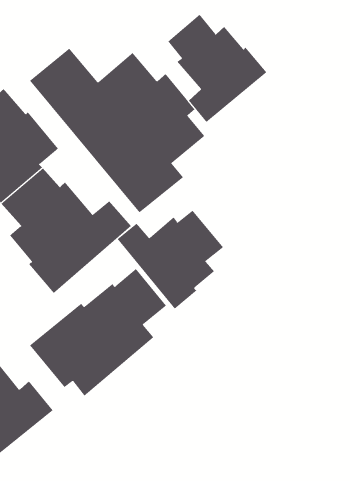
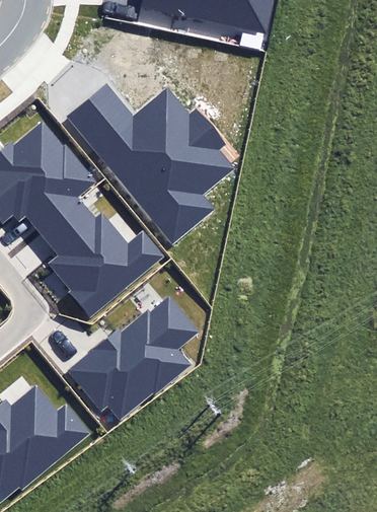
building: [167,14,267,123] -> none
building: [117,210,224,309] -> none

